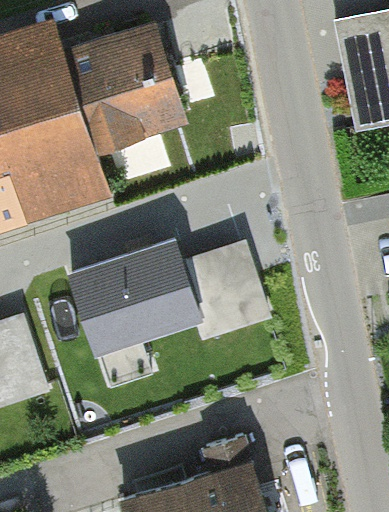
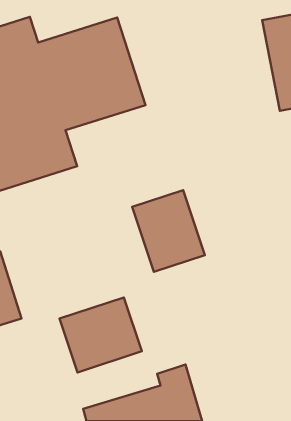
building: [68,234,191,342] -> none
building: none -> [60,297,142,372]

